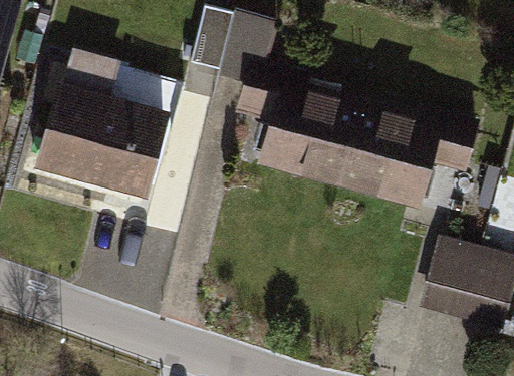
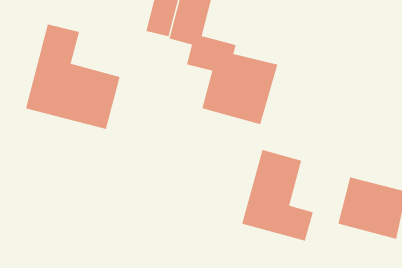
building: [332,106,473,205] -> none
building: none -> [241,149,313,242]

